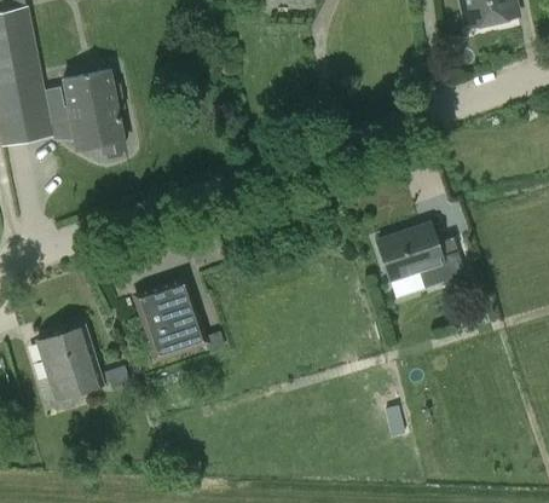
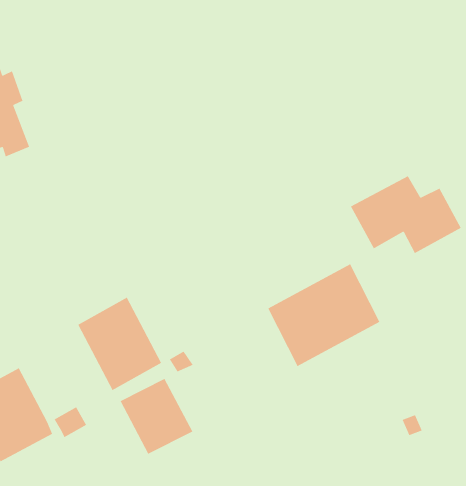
building: none -> [267,263,381,367]
building: none -> [119,378,193,455]

